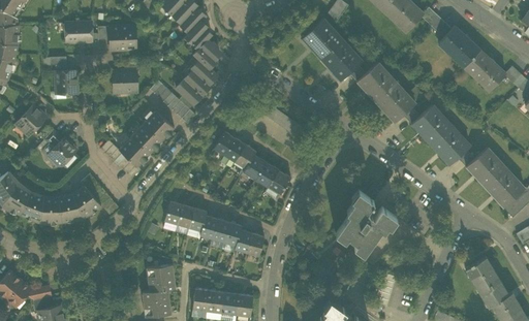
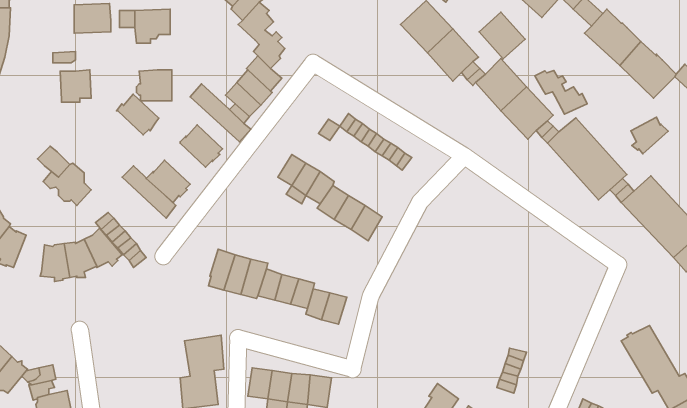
building: none -> [479,12,525,59]
building: none -> [535,70,587,114]
building: none -> [631,117,668,154]
building: [15,105,46,136] -> none
building: [130,124,161,154] -> [116,94,159,135]
building: [335,190,397,254] -> none
building: [21,191,43,220] -> none

